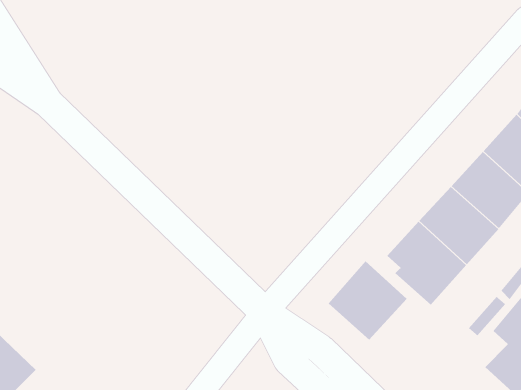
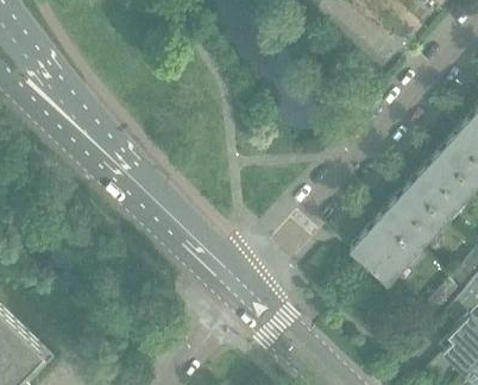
building: [328,260,407,340] -> none

